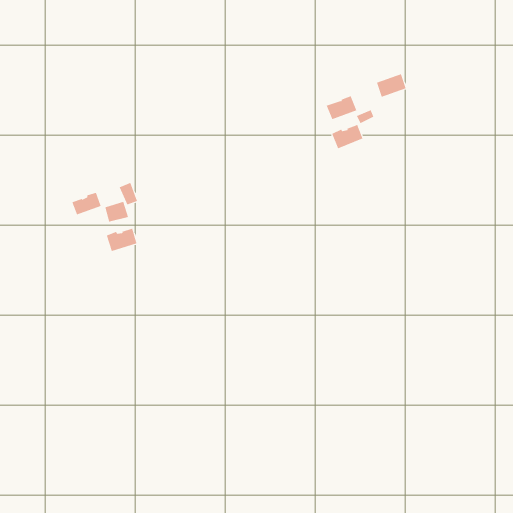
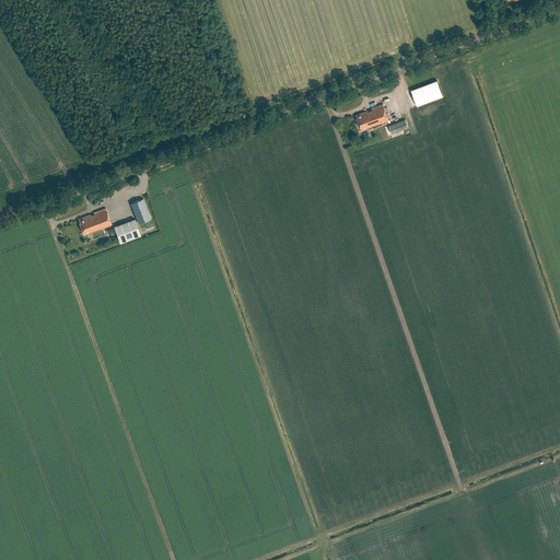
building: [331,124,363,149] -> none
building: [106,228,137,252] -> none

